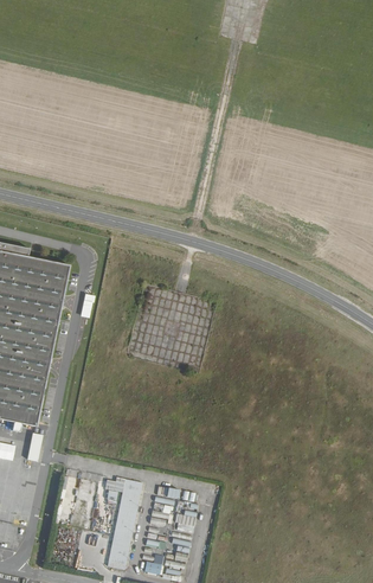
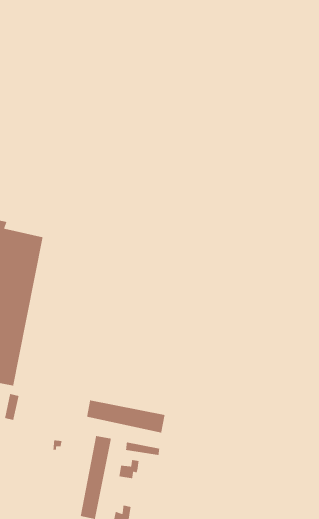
building: none -> [86,399,165,433]

